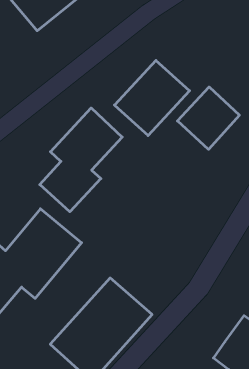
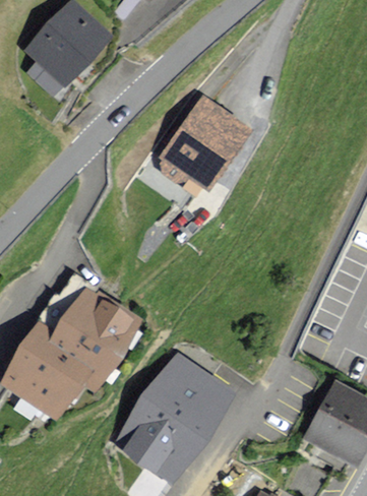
building: [177,87,239,149] -> none
building: [40,108,122,212] -> none

